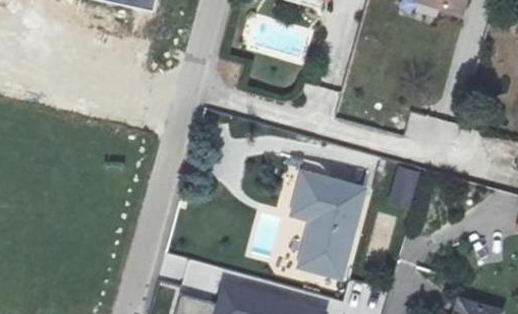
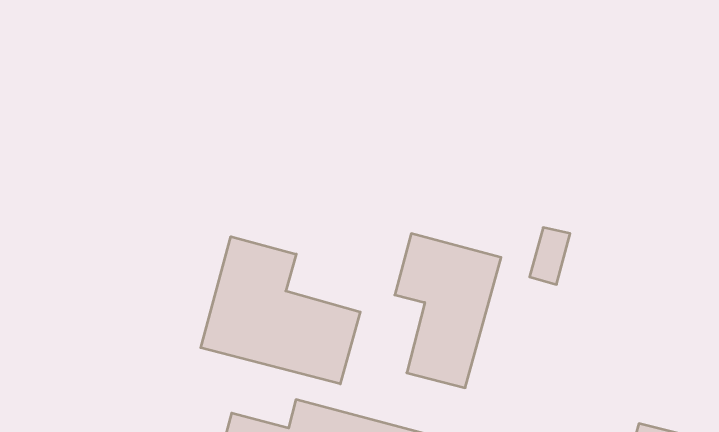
building: none -> [201,237,360,384]

